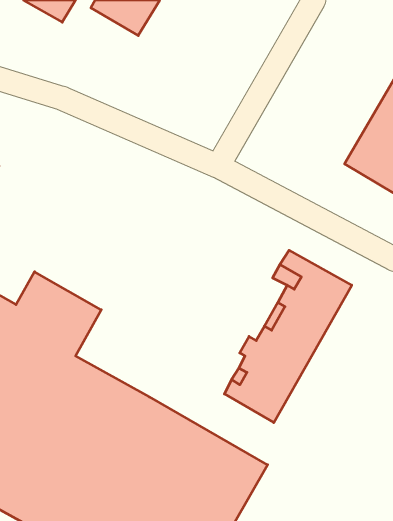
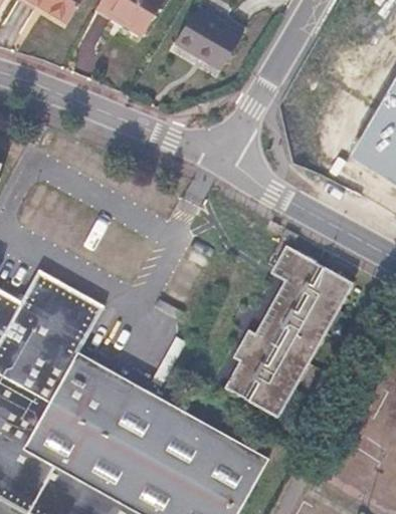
building: none -> [172,8,241,73]

